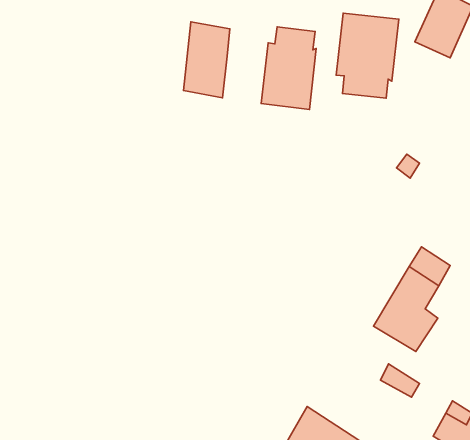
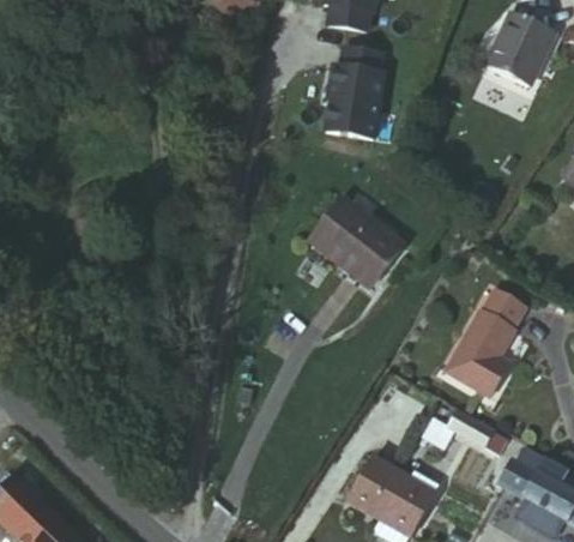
building: [336,13,399,98] -> none
building: [184,22,230,98] -> none
building: none -> [313,198,400,288]

